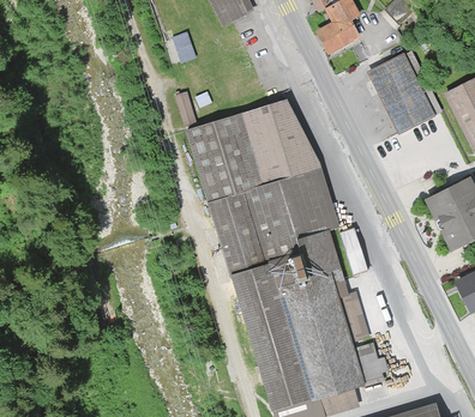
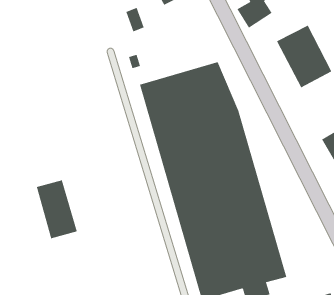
building: none -> [36,179,77,239]

